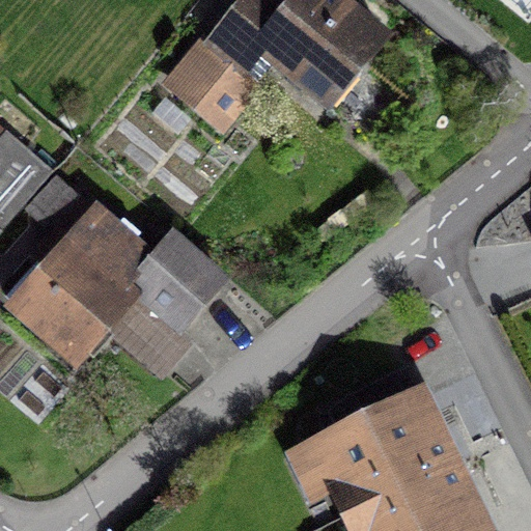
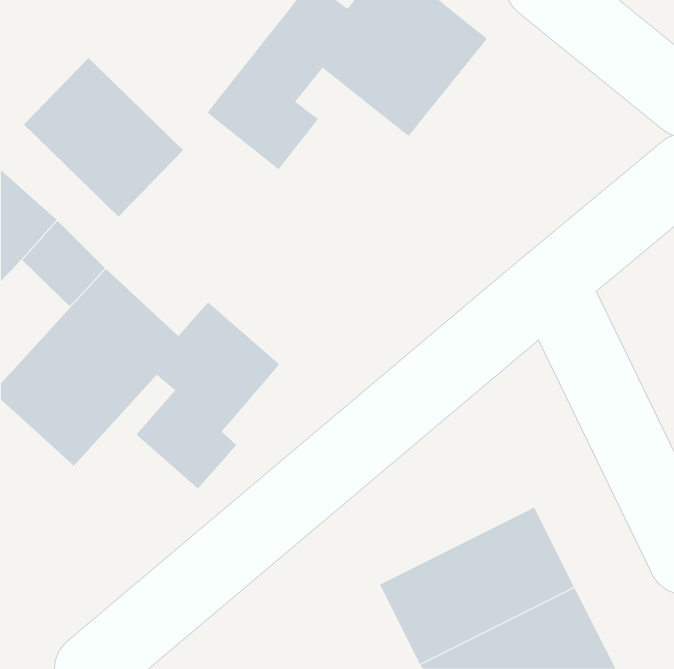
building: none -> [23,57,184,217]

